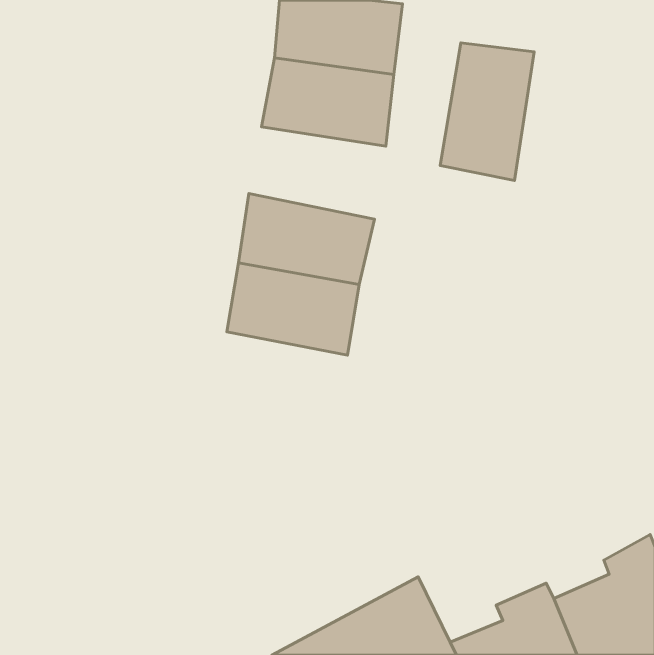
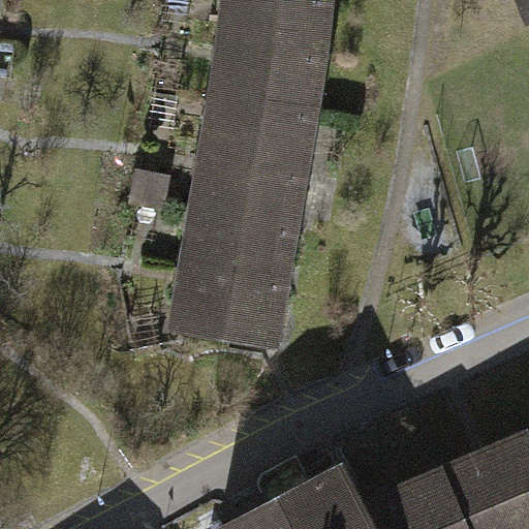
building: [440,43,534,180] -> none
building: none -> [201,102,312,177]
building: none -> [170,268,281,345]

